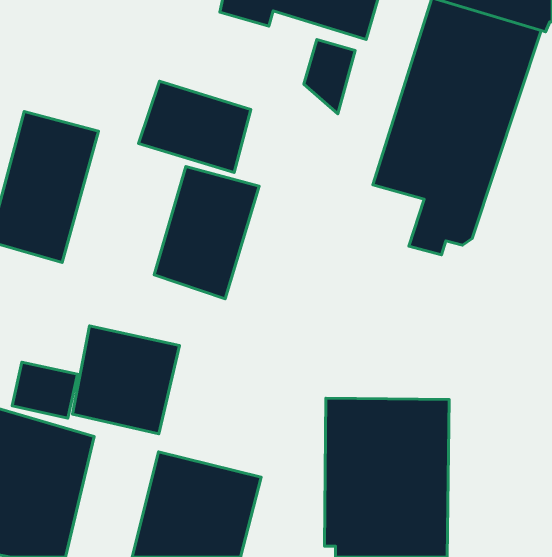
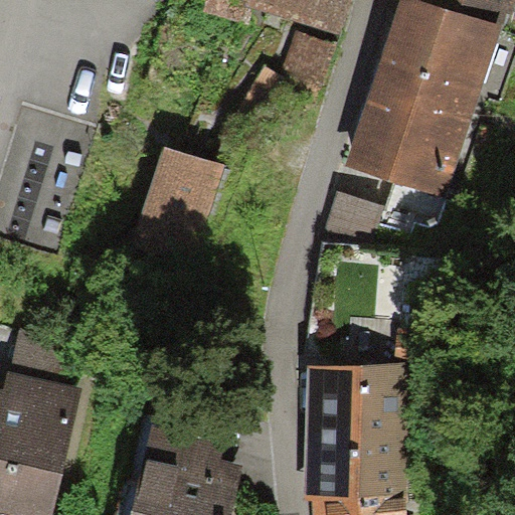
building: [139,81,251,172] -> none
building: [72,326,180,434] -> none

